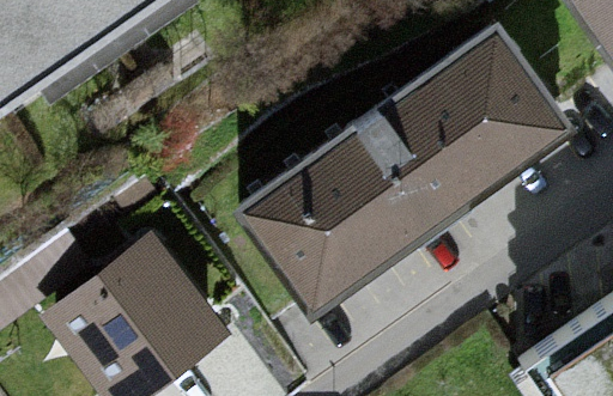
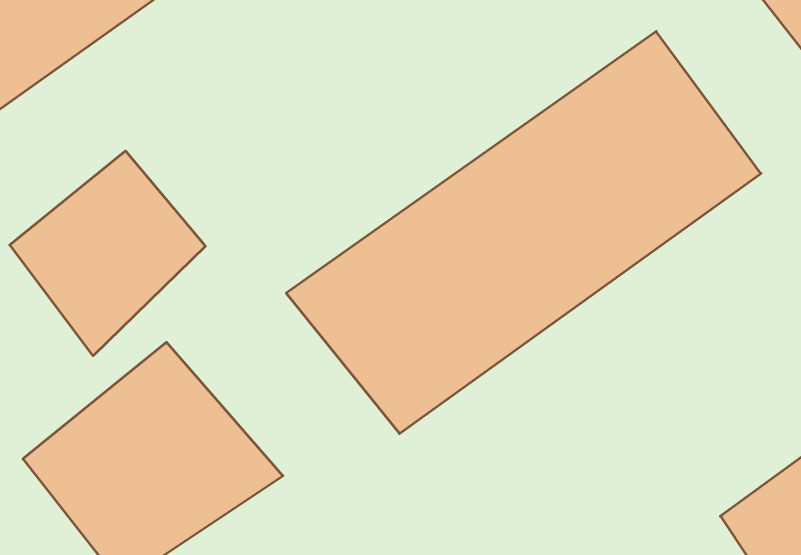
building: none -> [10,151,205,356]

